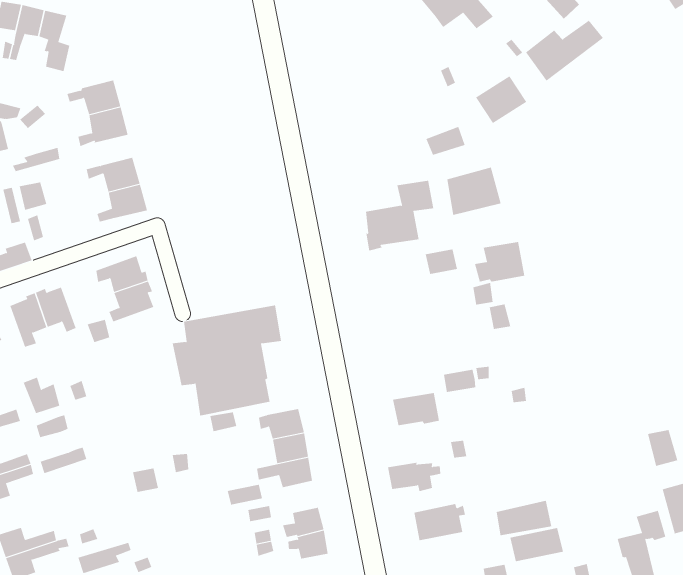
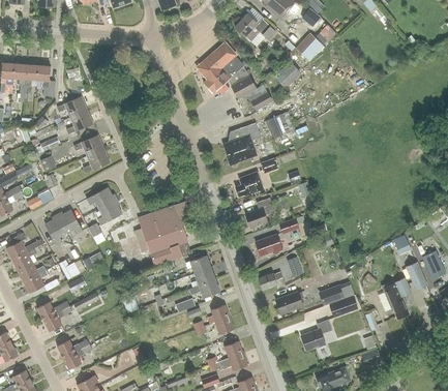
building: none -> [197,42,257,98]
building: [474,241,525,282] -> [235,172,263,197]
building: none -> [245,198,275,229]

